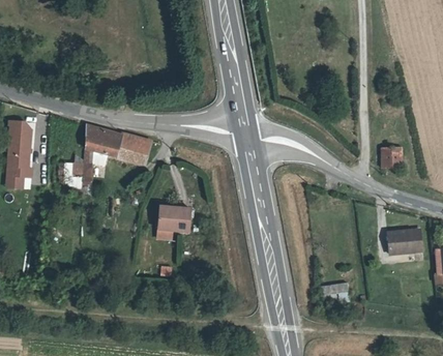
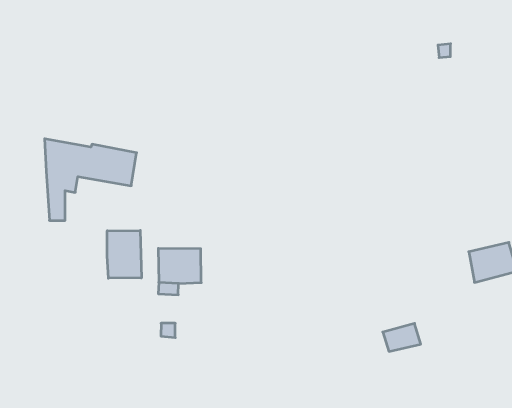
building: [379,146,401,167] -> none
building: none -> [107,230,141,278]

